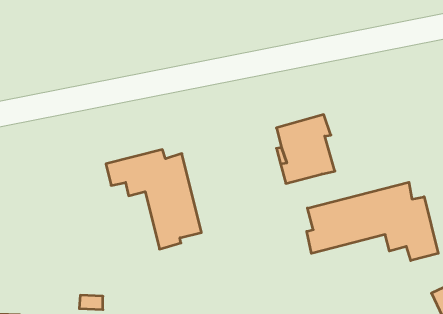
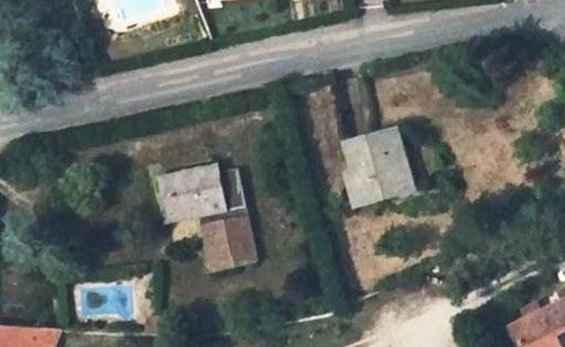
building: [307,182,438,261] -> none

